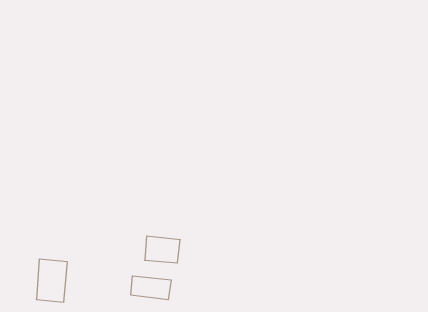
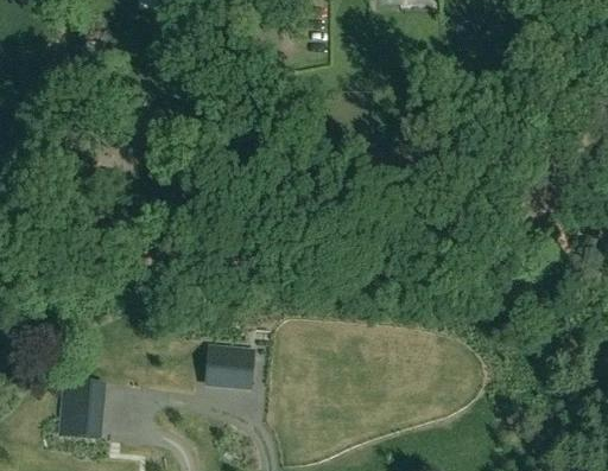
building: [131,276,171,300] -> none

